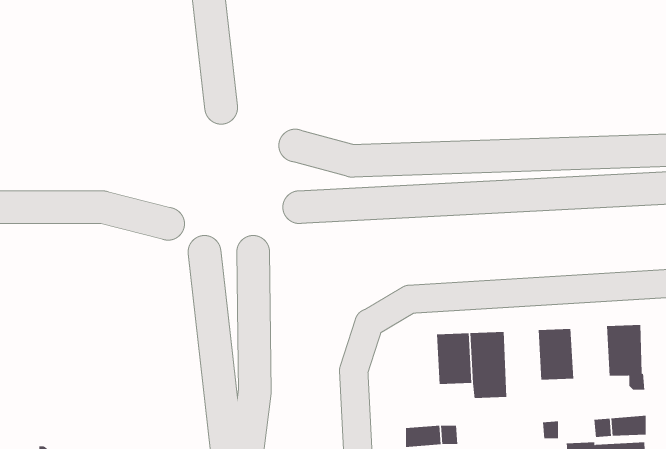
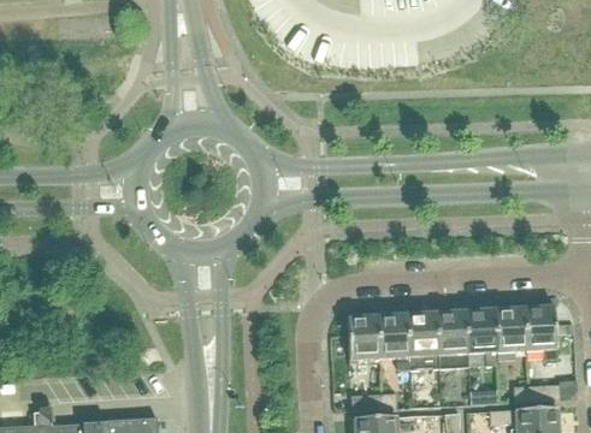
building: none -> [494,308,526,354]
building: none -> [436,312,467,369]
building: none -> [347,315,379,360]

